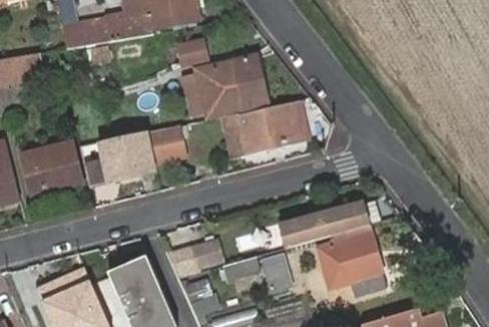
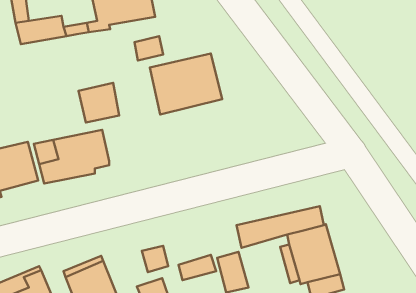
building: [227,102,311,153] -> none
building: [147,123,187,162] -> [79,83,119,122]

